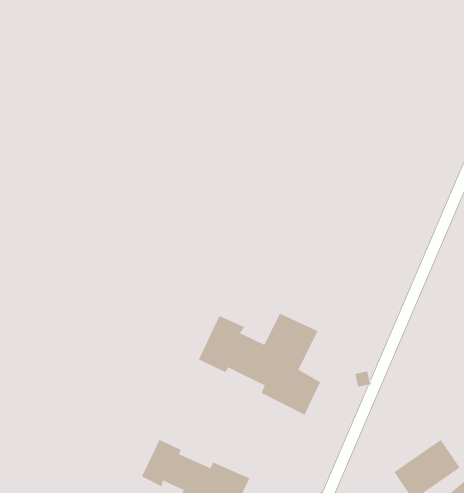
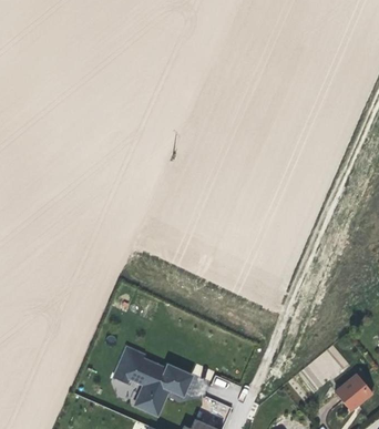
building: [198,313,321,416] -> none

